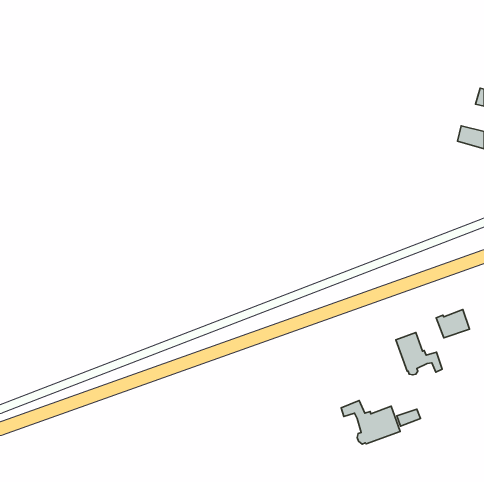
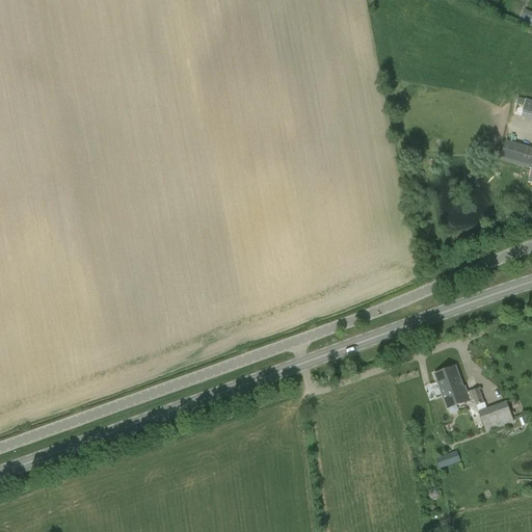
building: [436,309,469,338] -> [478,399,514,430]
building: [341,401,400,444] -> none

